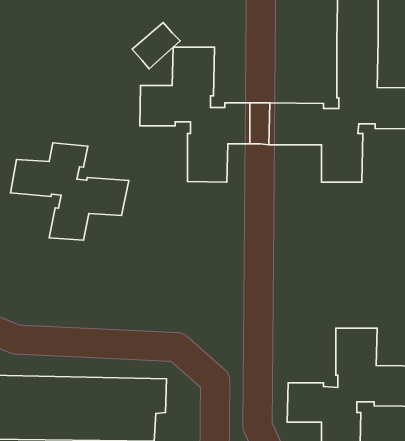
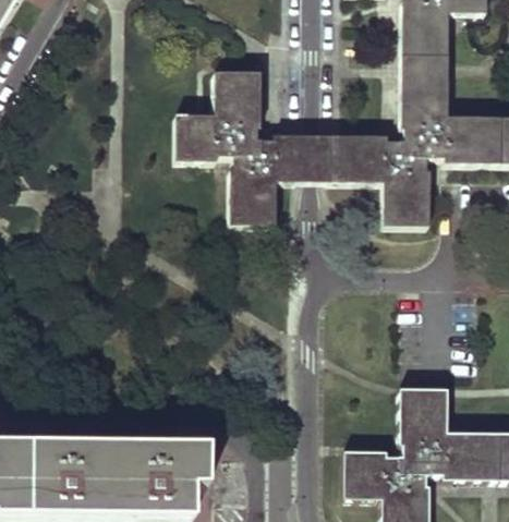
building: [132,23,180,69] -> none
building: [10,143,129,240] -> none

